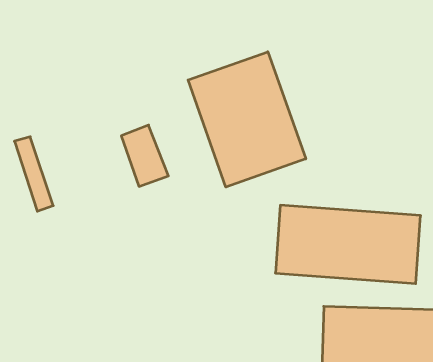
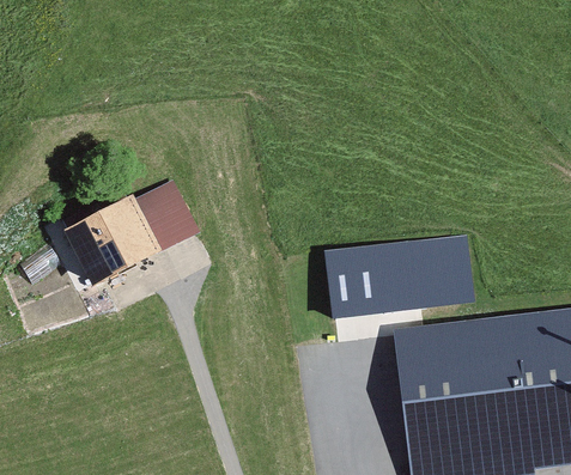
building: [188,52,306,187] -> none
building: none -> [86,199,182,286]

